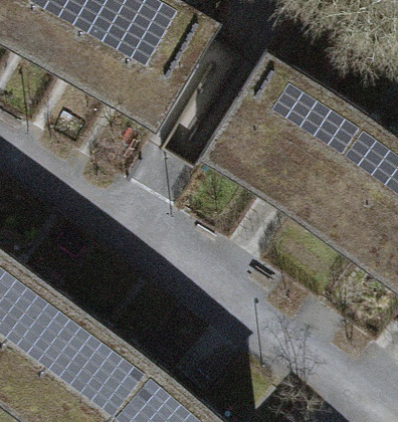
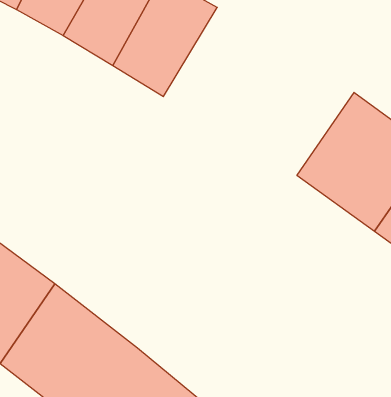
building: [212,52,348,185] -> none

